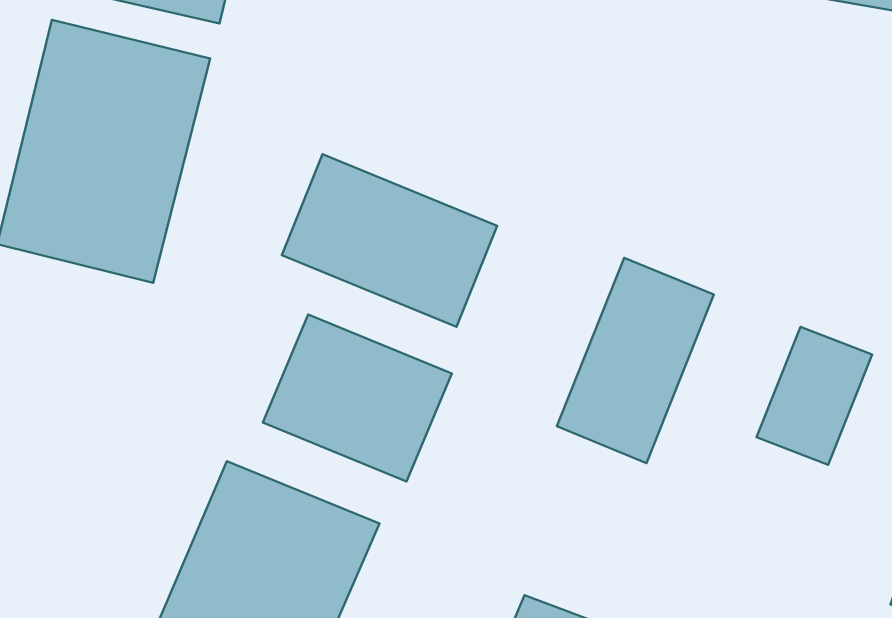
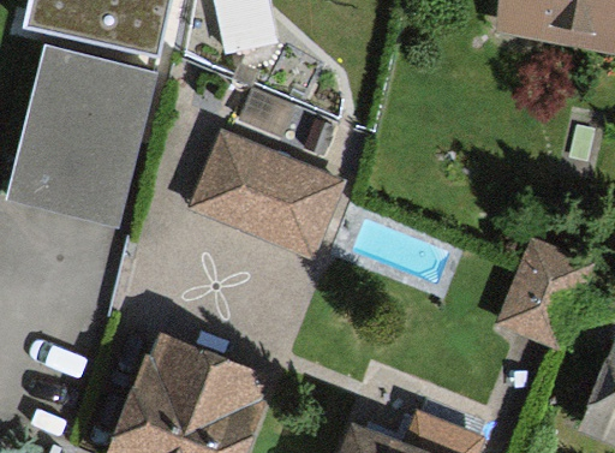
building: [557,258,714,463] -> none
building: [263,314,452,481] -> none

